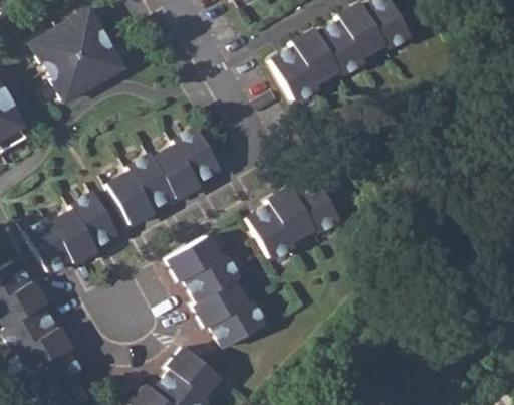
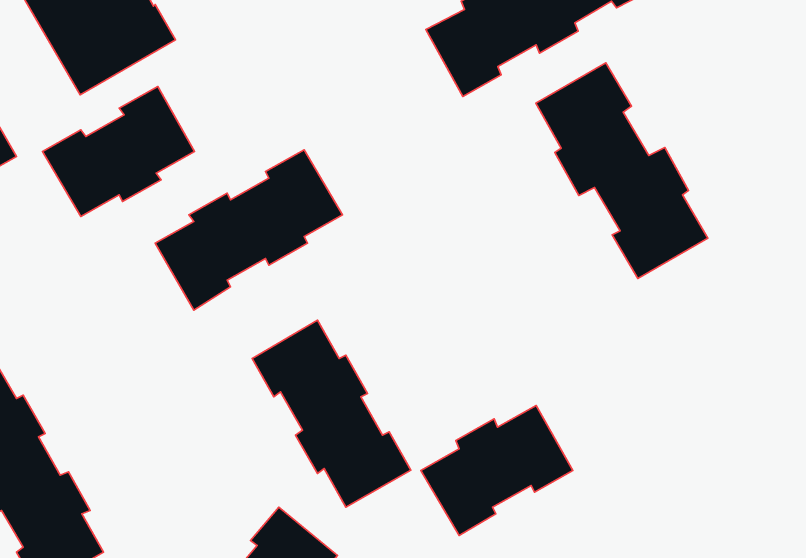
building: none -> [536,63,708,278]
building: [248,178,339,256] -> [421,405,573,536]
building: [25,191,116,269] -> [42,86,194,217]

